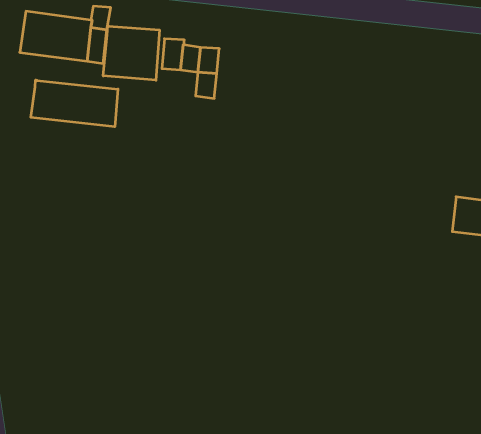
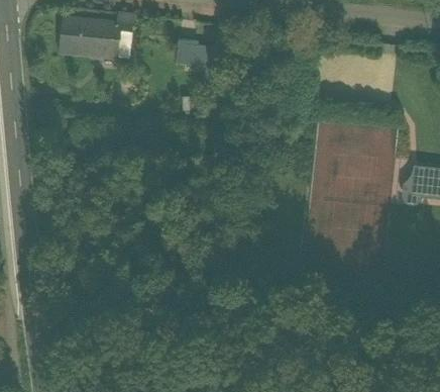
building: [103,26,159,80] -> none
building: [31,80,118,127] -> none

